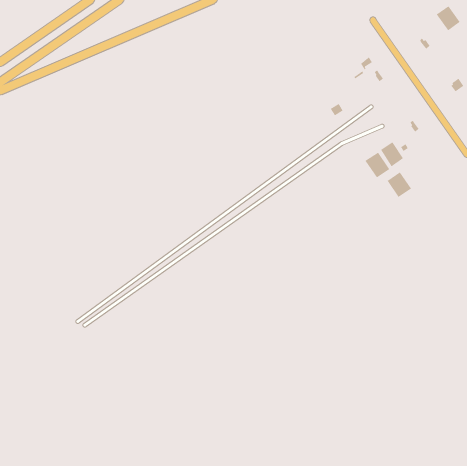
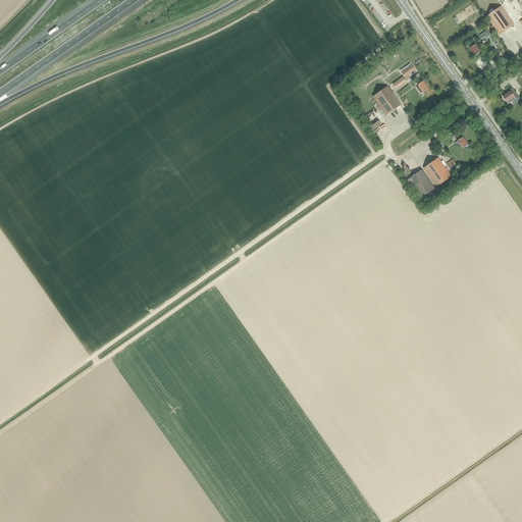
building: none -> [373,86,401,114]
building: [387,172,412,198] -> none

